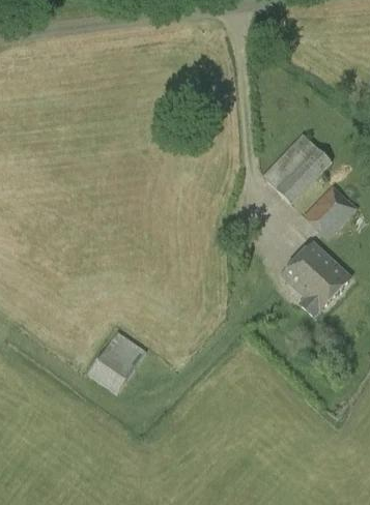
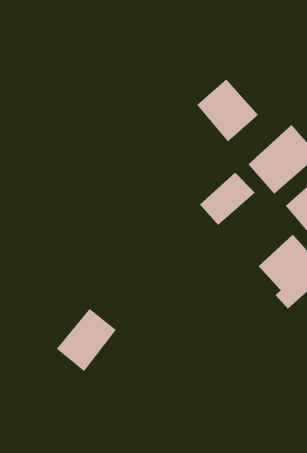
building: none -> [196,78,259,143]
building: none -> [199,172,256,226]

